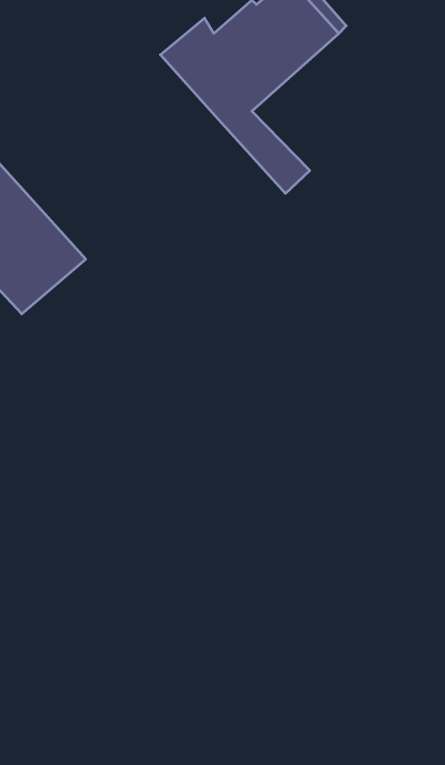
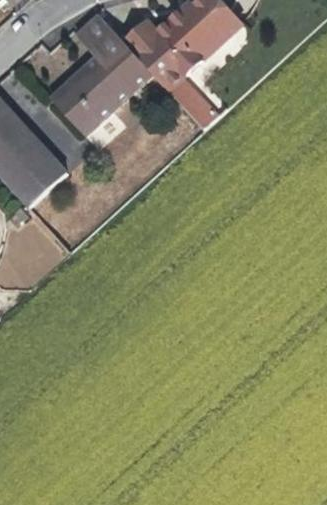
building: none -> [48,11,152,137]

